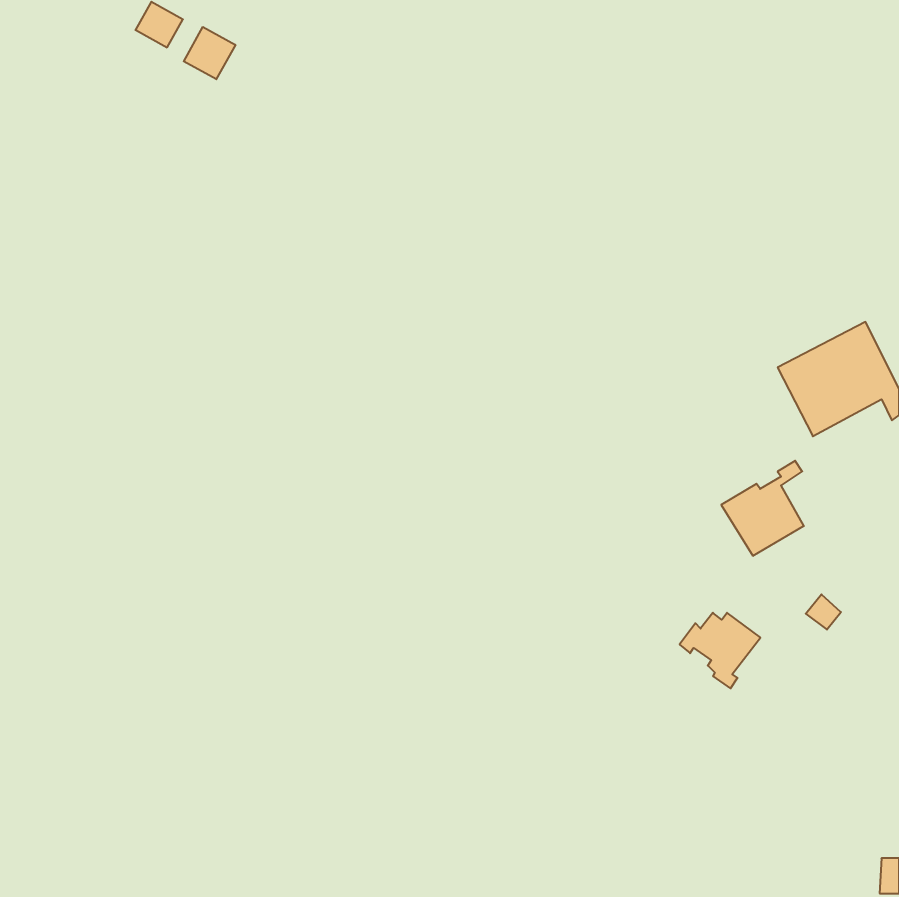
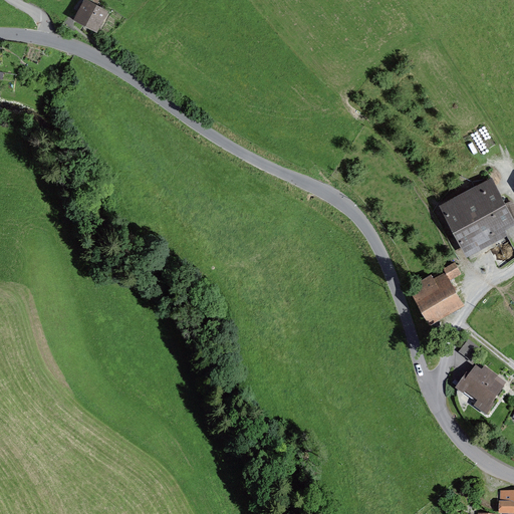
building: [184,27,235,79] -> none
building: [680,613,760,688] -> [458,369,504,413]

